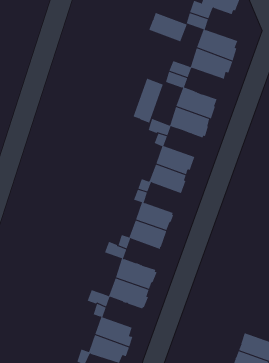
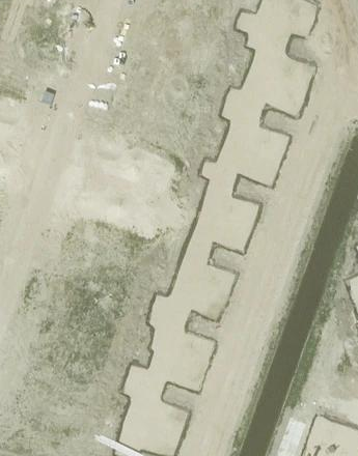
building: [148,12,188,42] -> none
building: [133,78,163,123] -> none

